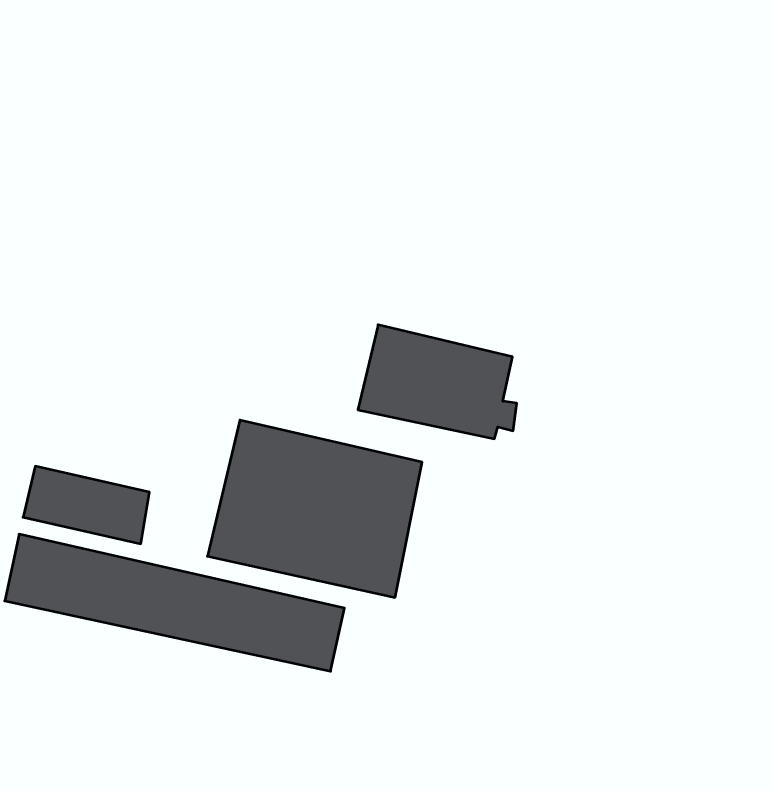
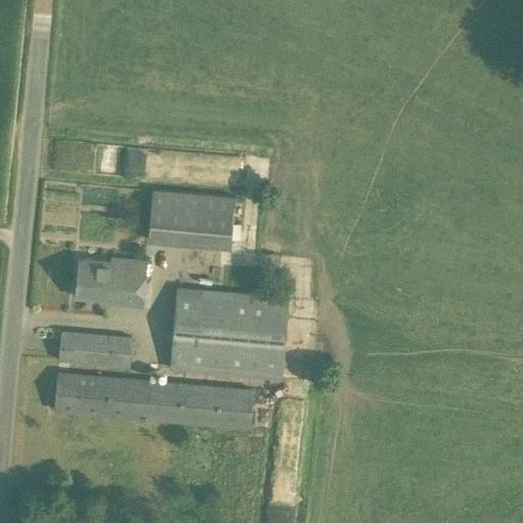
building: [358,325,517,439] -> [147,190,239,247]
building: none -> [75,258,147,307]

